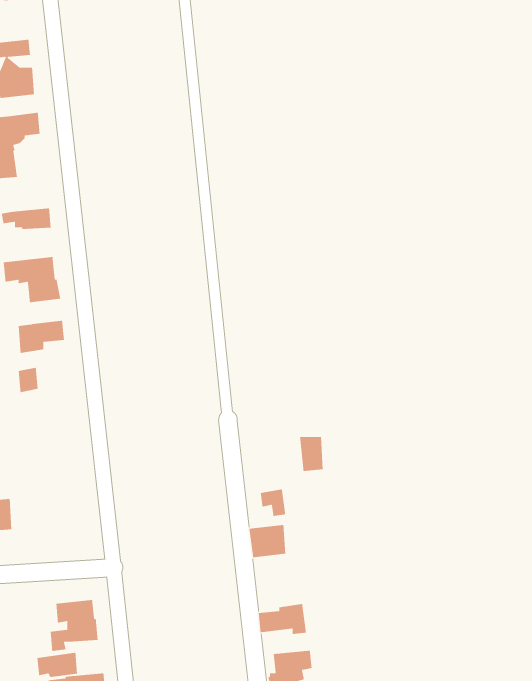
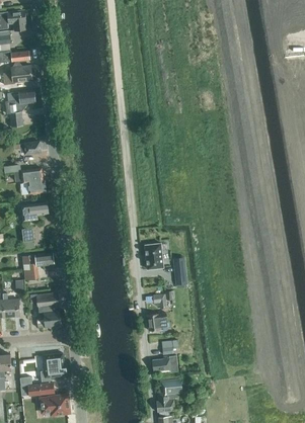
building: none -> [144,240,163,266]
building: none -> [22,253,54,280]
building: none -> [30,292,61,328]

